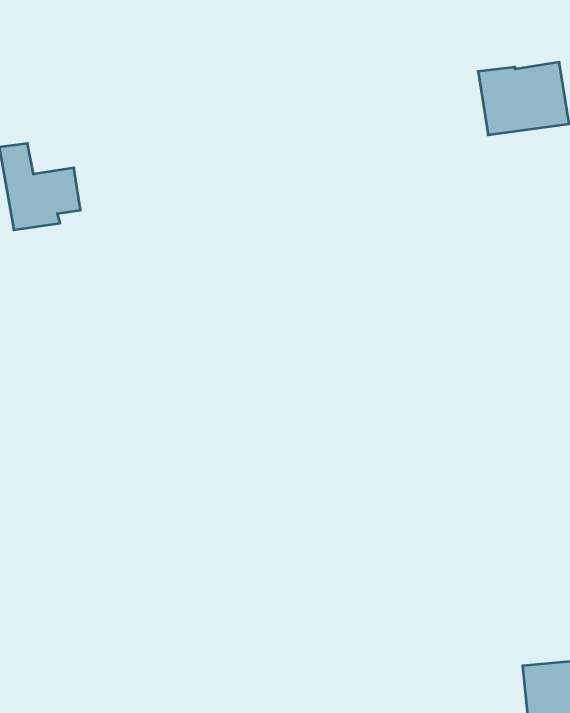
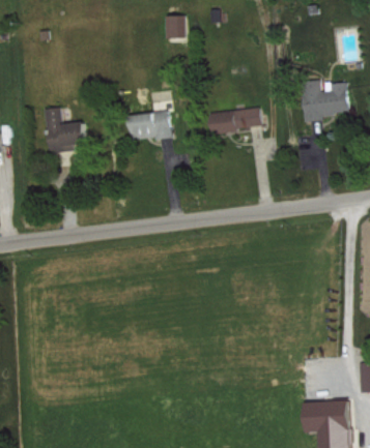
building: none -> [209,107,261,132]
building: none -> [127,111,170,140]

